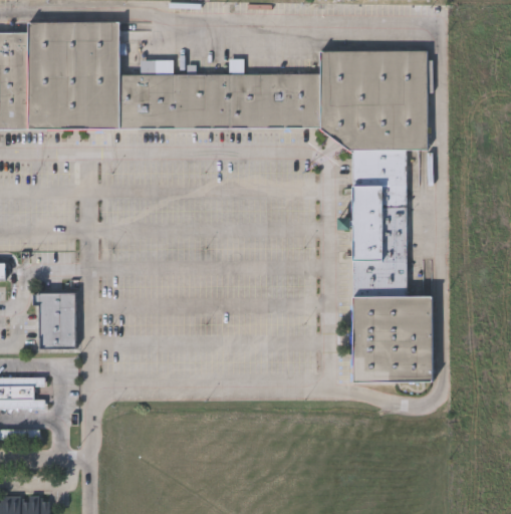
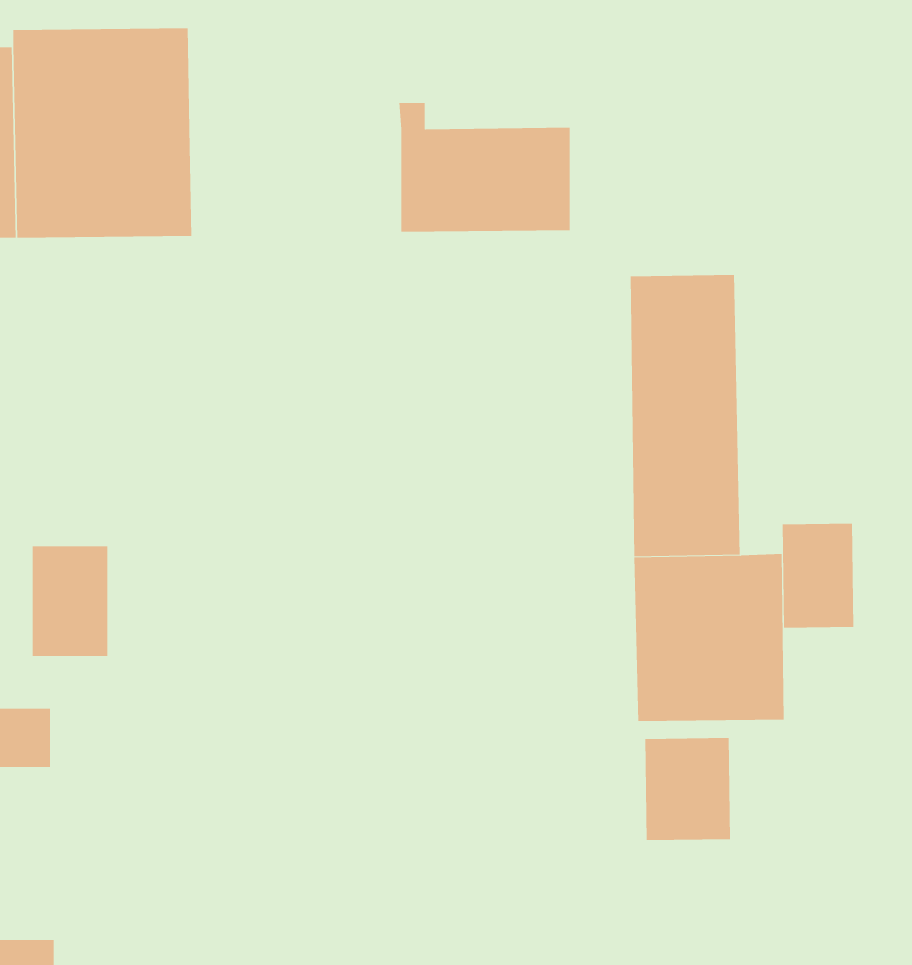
building: [318,48,429,151] -> none
building: [119,59,230,130] -> none
building: none -> [782,523,854,628]
building: none -> [645,737,731,841]

